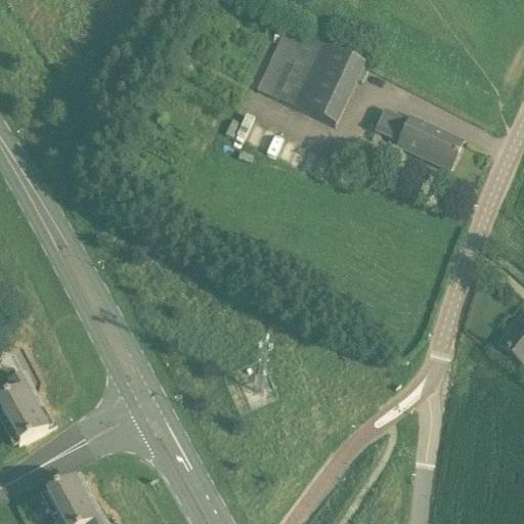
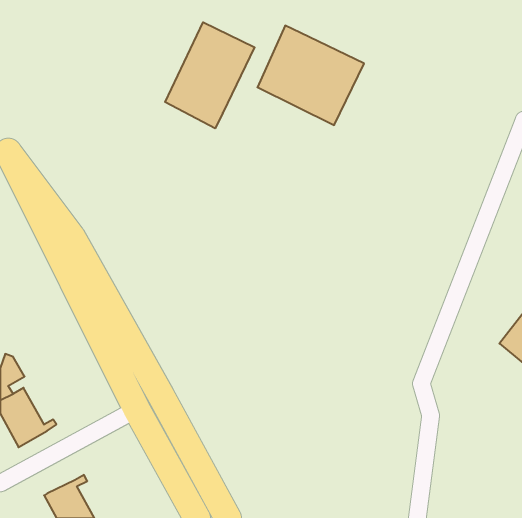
building: none -> [165,22,255,128]
building: [376,107,464,168] -> none

